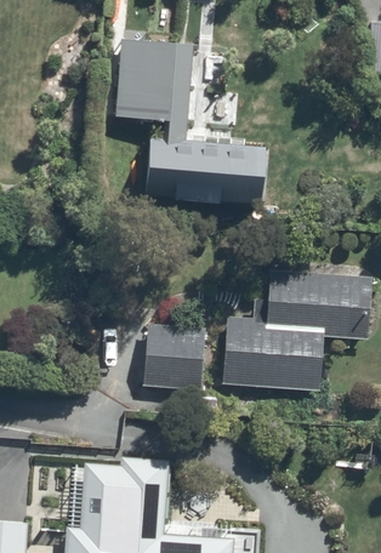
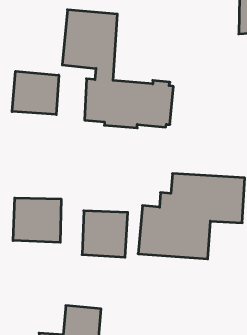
building: none -> [12,71,59,115]
building: none -> [13,198,61,242]

